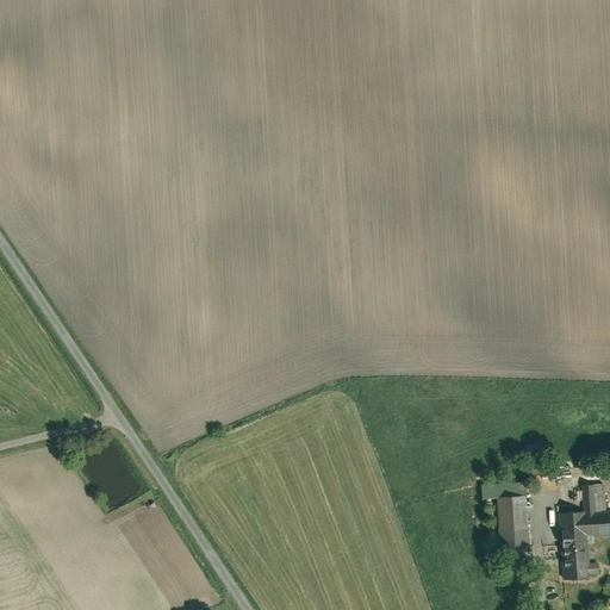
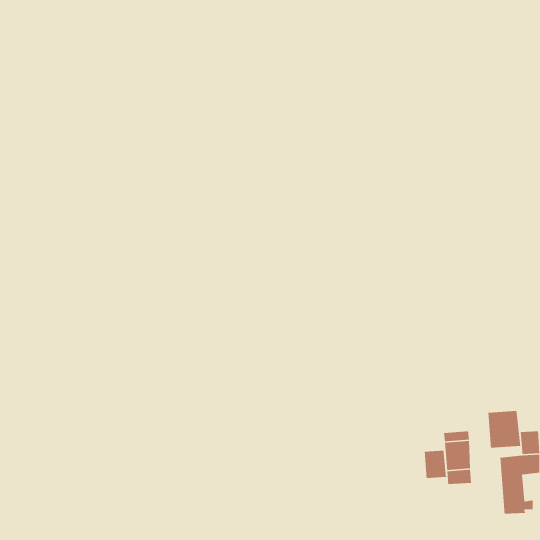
building: none -> [487,410,521,449]
building: none -> [424,450,447,479]

